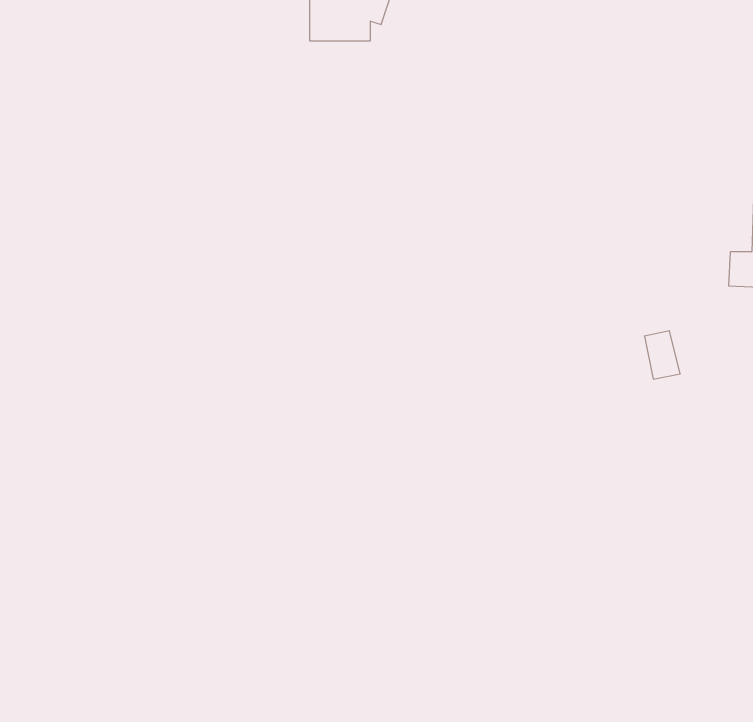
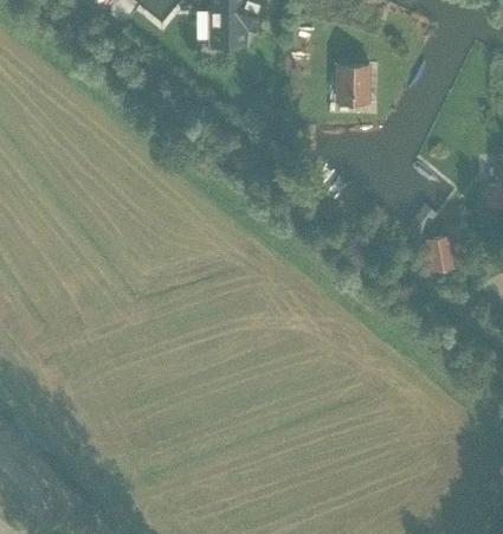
building: none -> [337,66,367,104]

